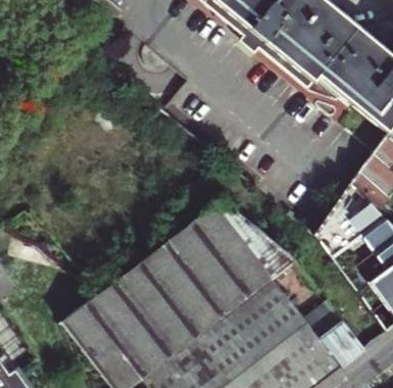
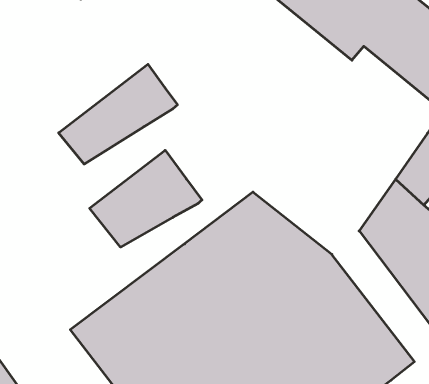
building: none -> [59,64,177,164]
building: none -> [90,150,202,247]

